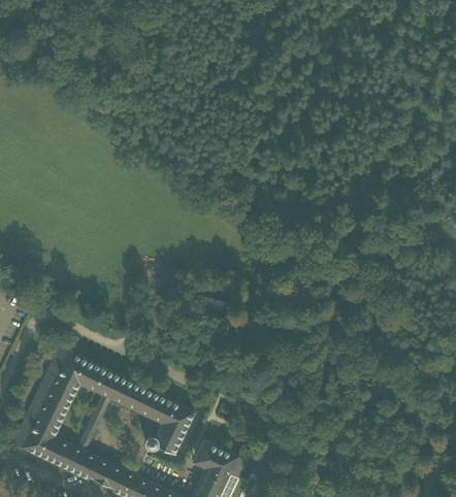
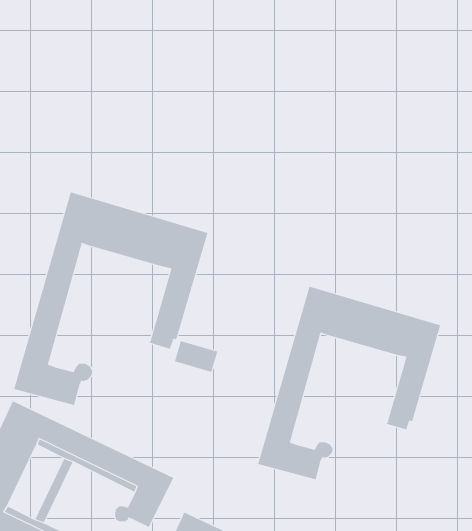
building: none -> [13,192,208,407]
building: none -> [258,286,441,481]

